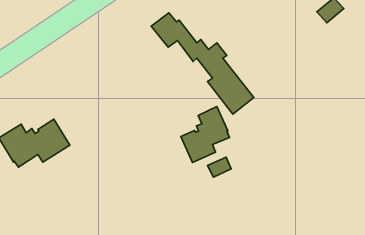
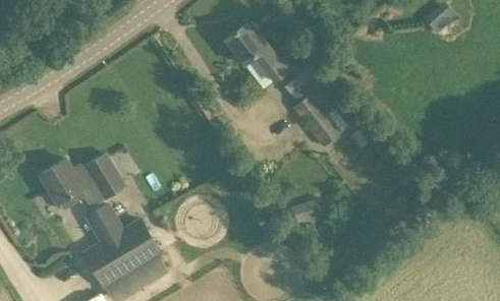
building: [181,107,229,162] -> none
building: none -> [81,204,163,289]

